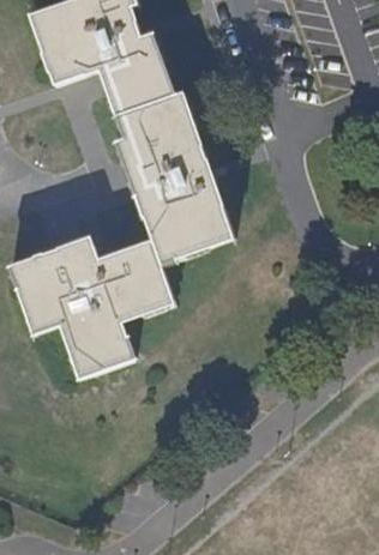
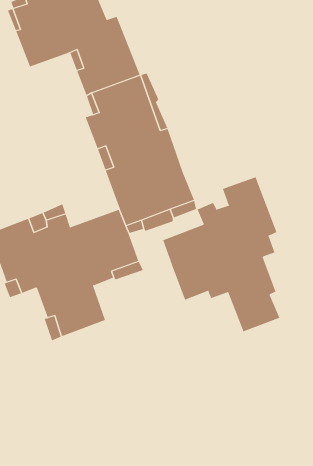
building: none -> [163,177,280,332]

